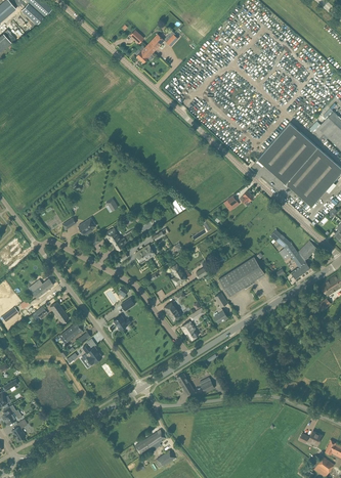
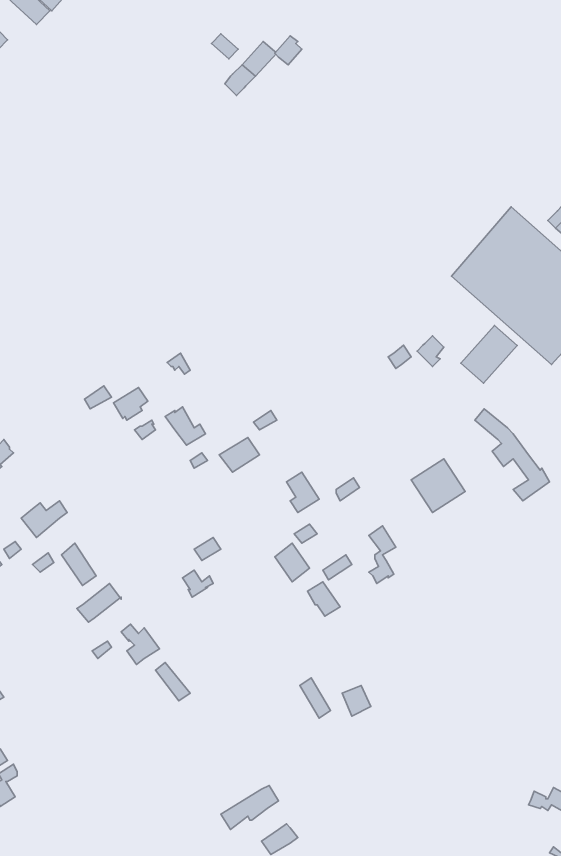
building: none -> [461,325,517,383]
building: [217,267,247,296] -> none

